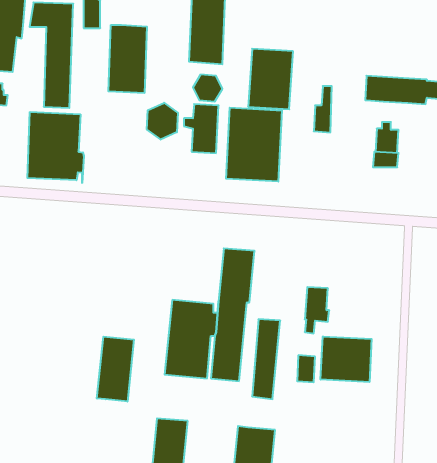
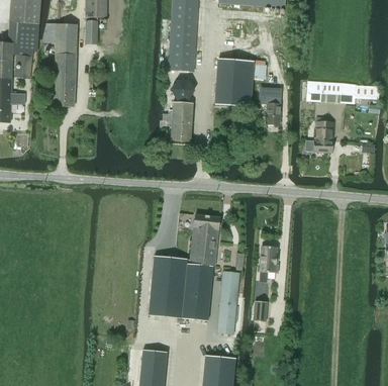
building: [108,25,147,93] -> none
building: [147,103,178,140] -> none
building: [226,108,282,182] -> none
building: [27,112,84,183] -> none
building: [321,336,372,382] -> none
building: [97,337,134,402] -> none

